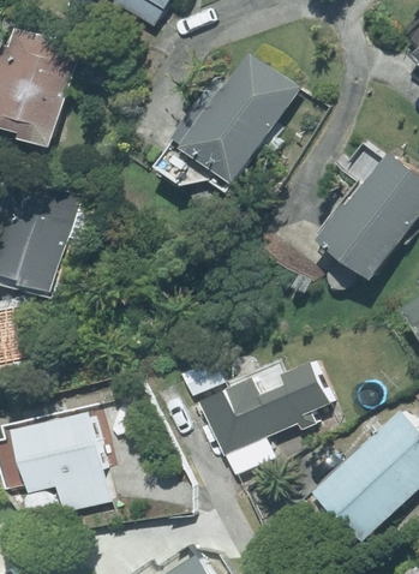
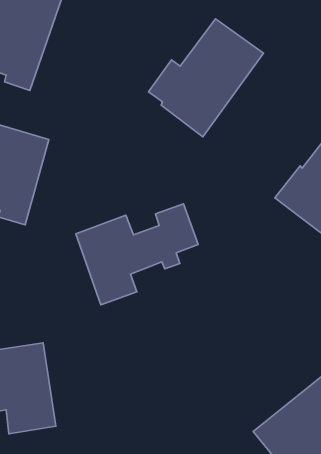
building: [199,359,330,473] -> [76,204,198,305]

